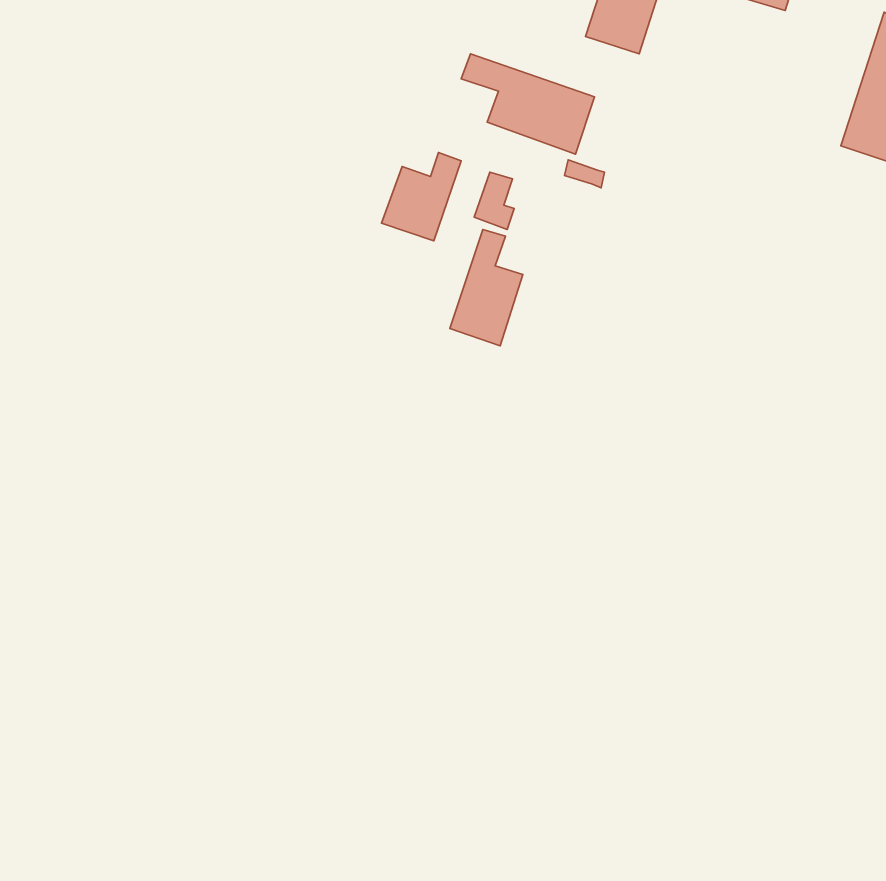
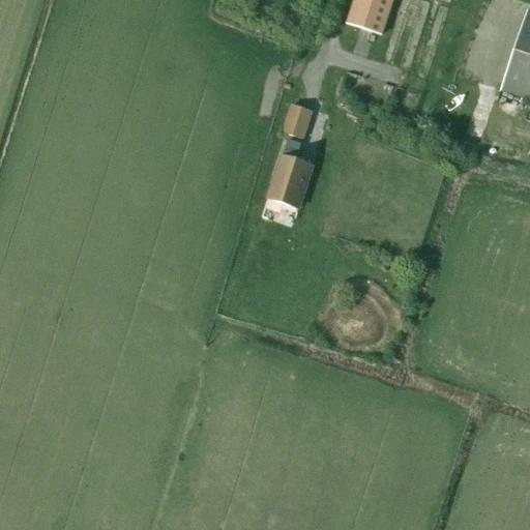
building: [461,54,595,154] -> none
building: [381,153,461,241] -> none

